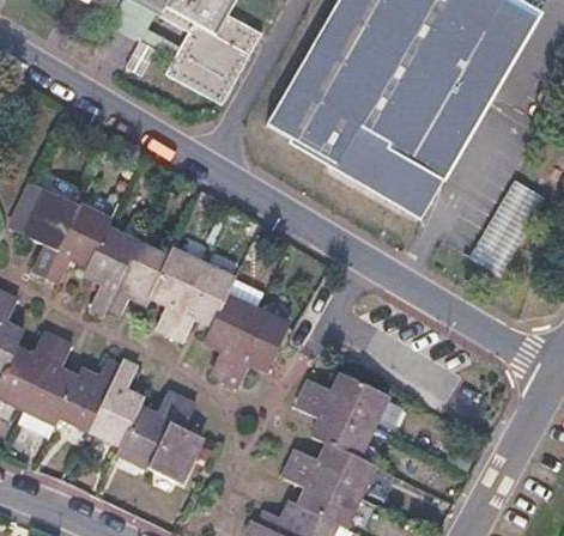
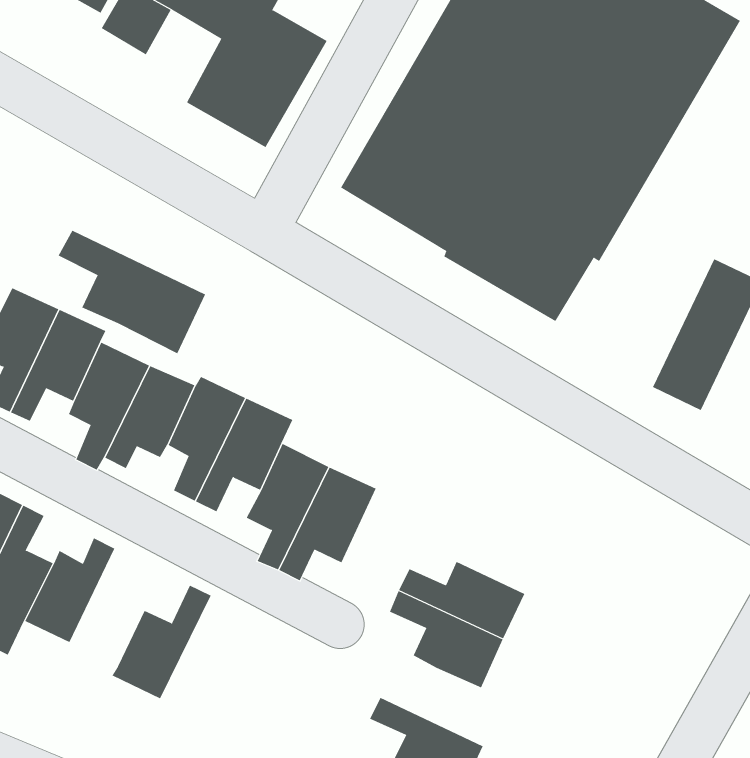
building: none -> [58,230,206,354]
building: [89,357,142,441] -> none
building: [148,395,201,479] -> none
building: [293,443,376,494] -> none

